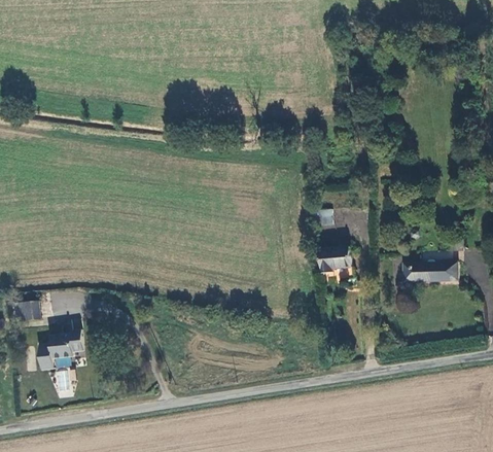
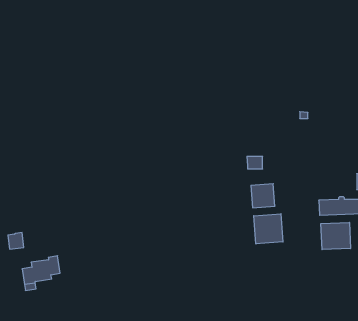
building: none -> [254,214,283,244]
building: none -> [321,222,350,250]

